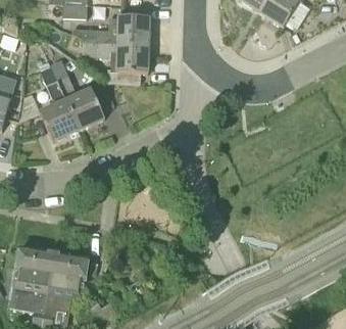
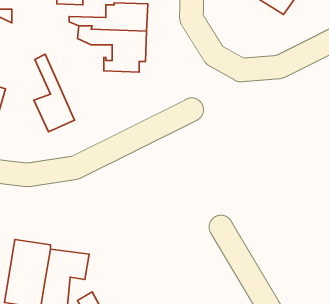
building: [49,60,114,130] -> none

